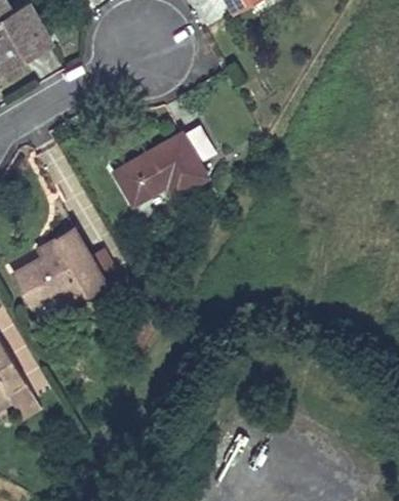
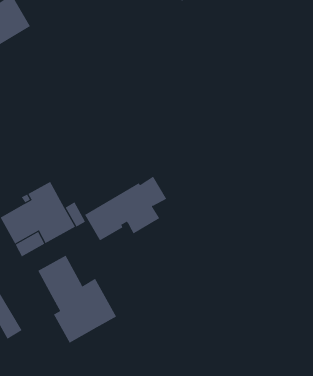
building: [114,125,214,204] -> [84,176,167,241]
building: none -> [37,255,117,343]

